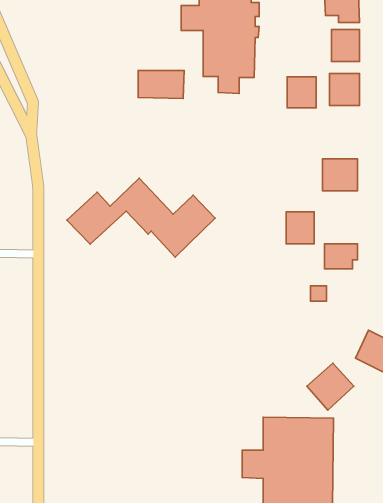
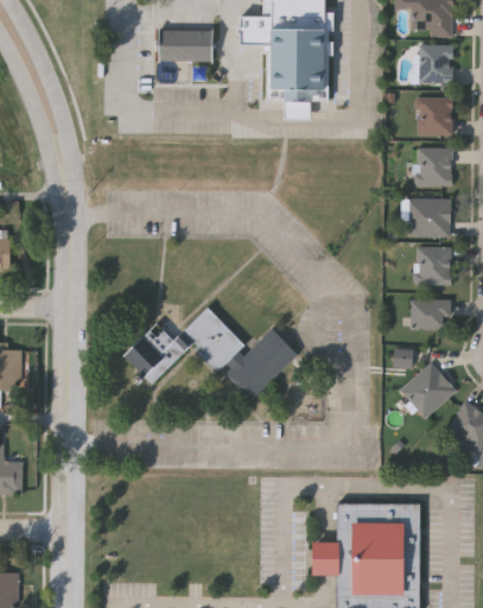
building: [138,70,184,98] -> [159,28,214,62]
building: [287,77,316,108] -> [417,147,451,184]
building: [67,178,215,257] -> [123,306,299,400]
building: [286,212,314,244] -> [417,246,450,284]
building: [307,363,354,410] -> [400,362,456,418]

